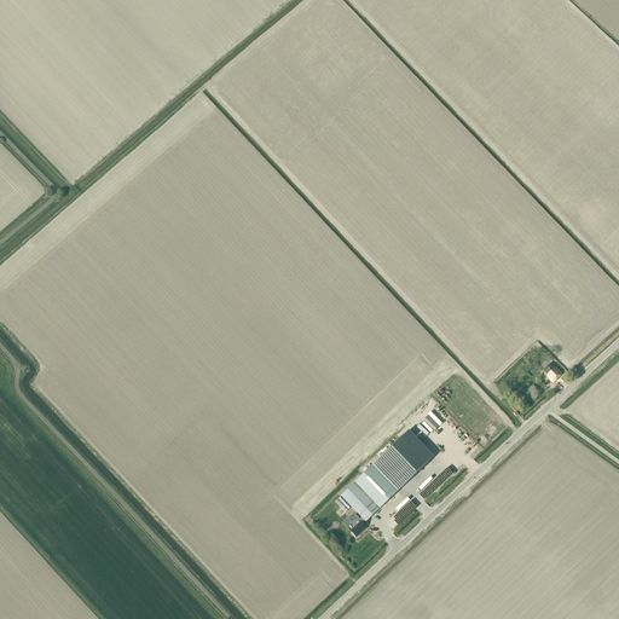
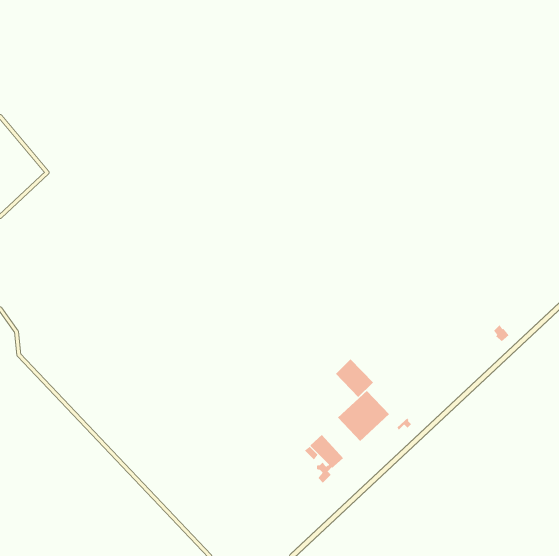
building: [357,459,399,503] -> [335,358,374,398]

